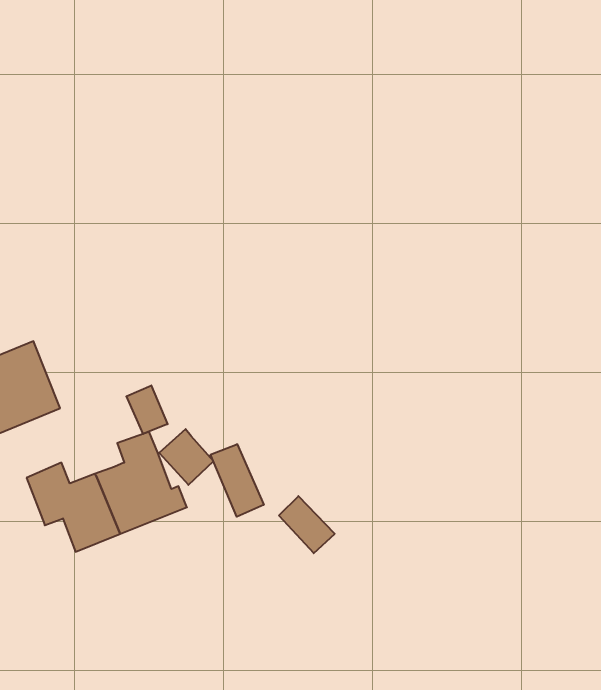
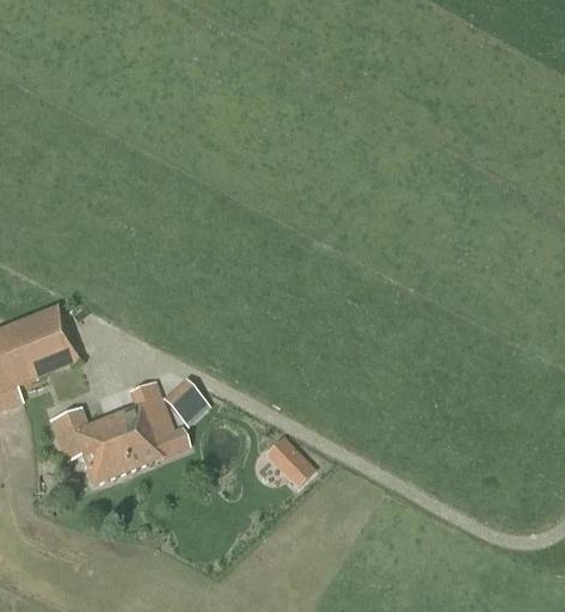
building: [126,385,168,434] -> none
building: [211,444,264,517] -> none

